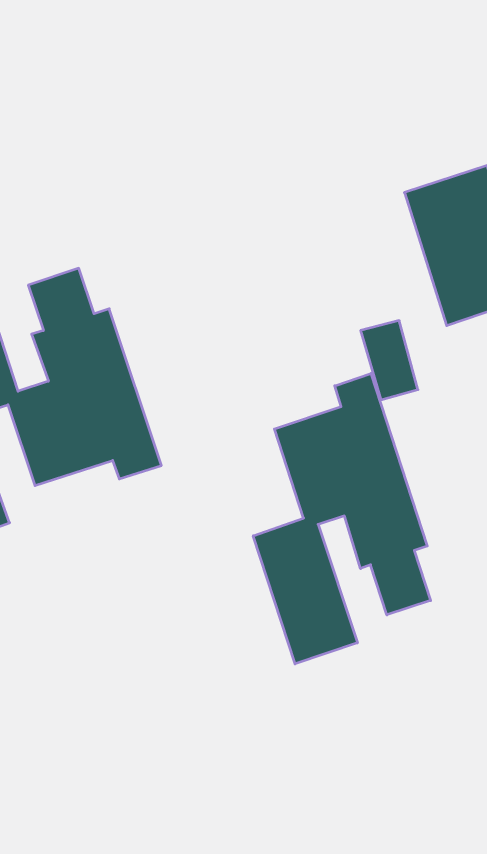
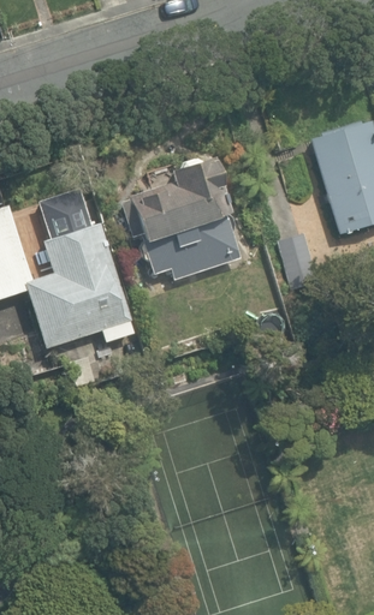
building: none -> [121,149,241,277]
building: [253,373,431,664] -> none

